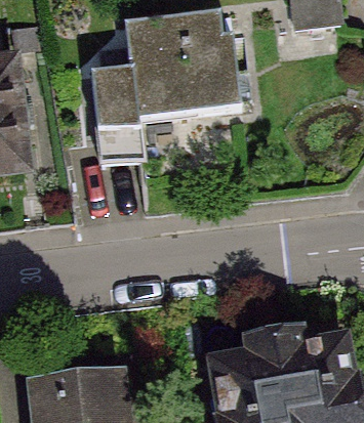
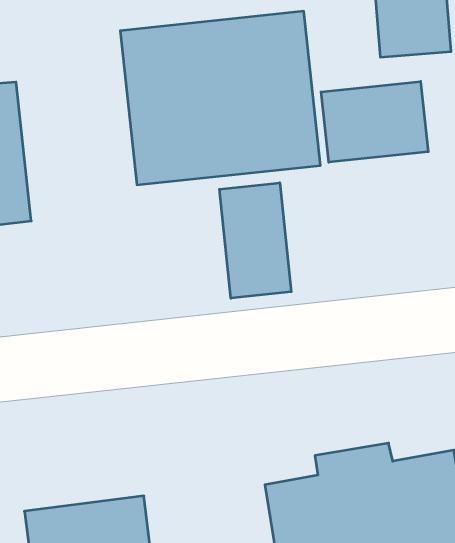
building: none -> [321,81,428,162]
building: none -> [219,183,291,298]

